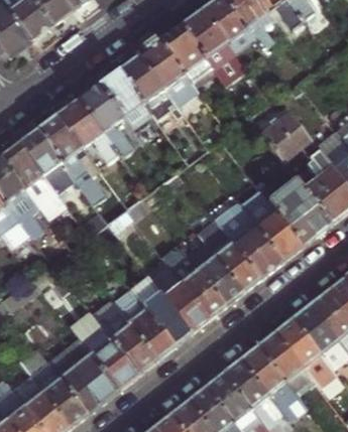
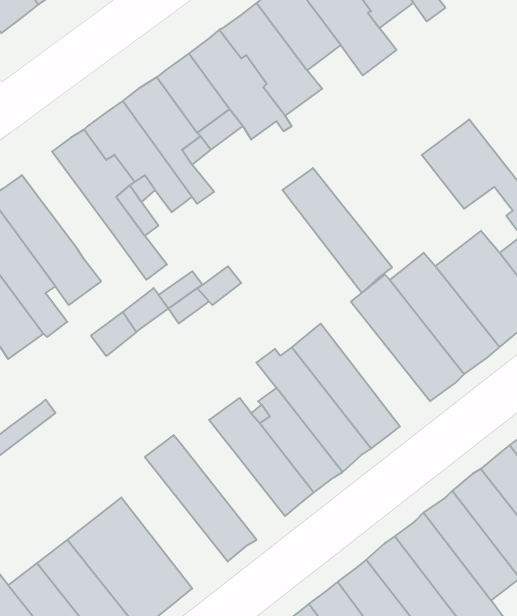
building: [19,127,75,191] -> none
building: [198,217,263,291] -> [282,168,392,293]
building: [114,287,177,358] -> none
building: [70,306,142,388] -> none

